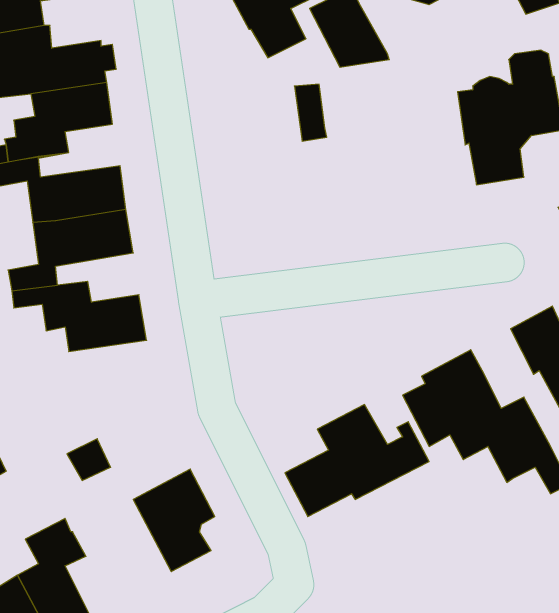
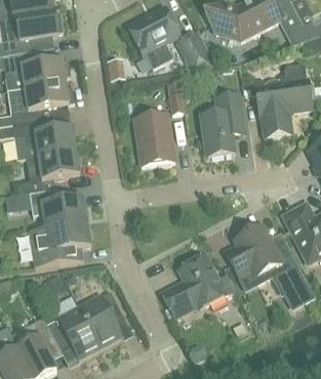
building: none -> [201,92,241,154]
building: none -> [133,111,173,164]
building: none -> [29,219,89,264]
building: none -> [46,305,99,355]

